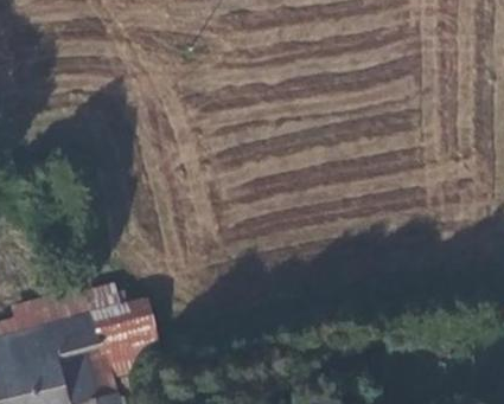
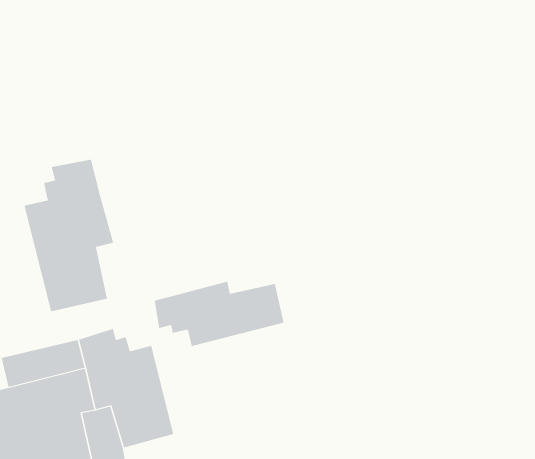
building: none -> [24,159,114,312]
building: none -> [154,281,284,347]

